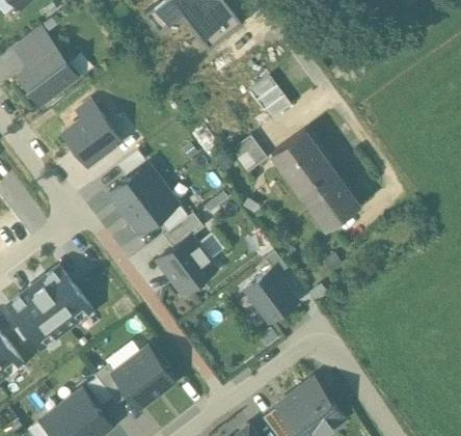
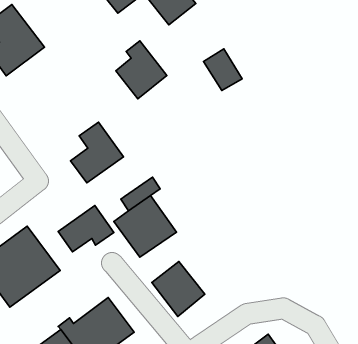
building: [67,99,123,161] -> [116,41,167,99]
building: [271,131,359,231] -> none
building: [229,136,266,173] -> none
building: [124,190,184,240] -> [58,206,114,252]
building: [239,266,296,325] -> [152,261,205,316]

